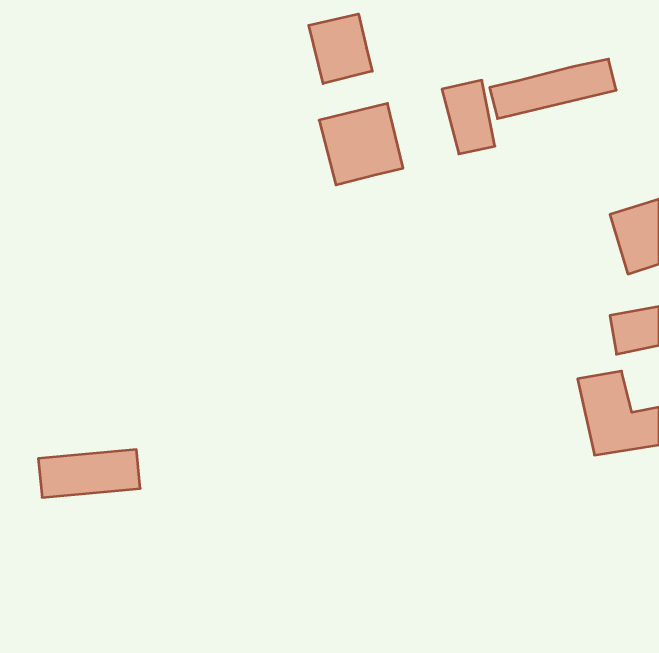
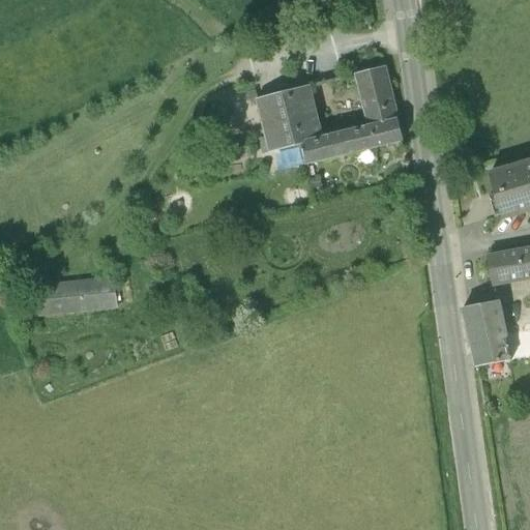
building: [309,14,372,84] -> none
building: [490,59,616,119] -> [301,117,403,165]
building: [38,450,140,497] -> [34,274,116,313]

